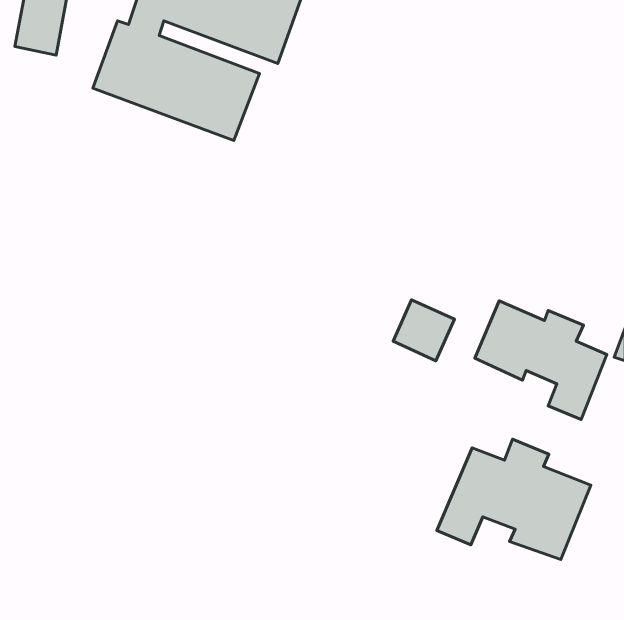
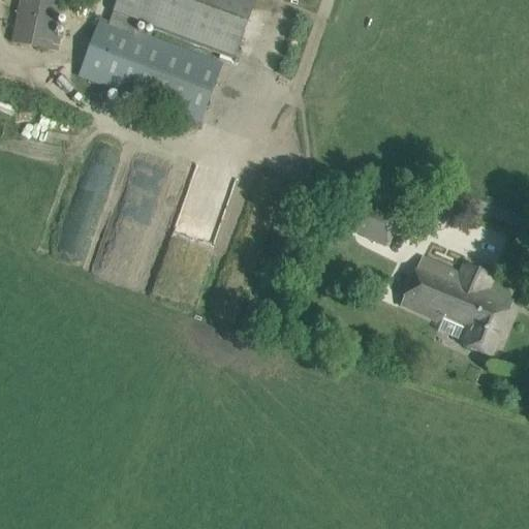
building: [393,300,454,361] -> [350,193,402,245]
building: [437,439,591,560] -> none

